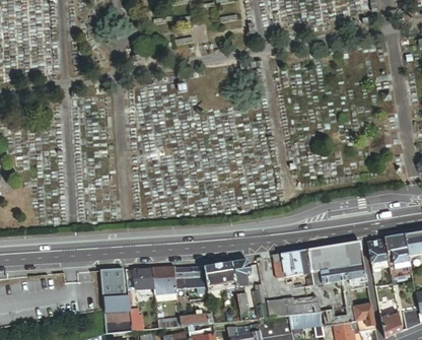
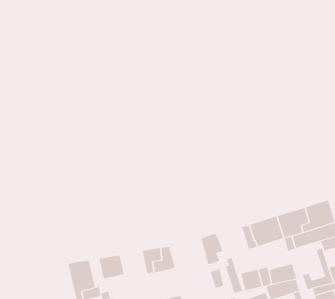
building: [205,261,235,285] -> none
building: [153,266,177,294] -> none

